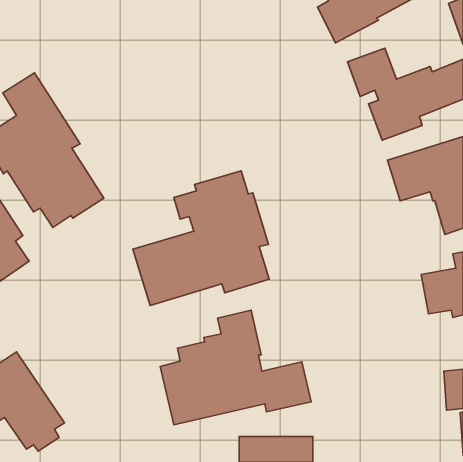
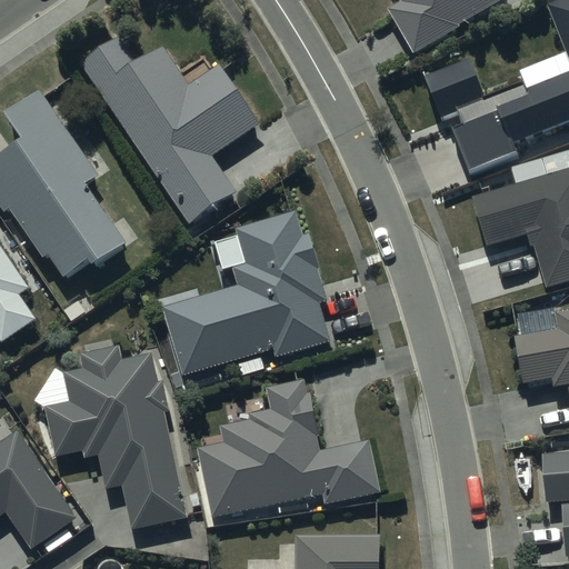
building: none -> [81,36,259,224]
building: none -> [43,343,187,528]

